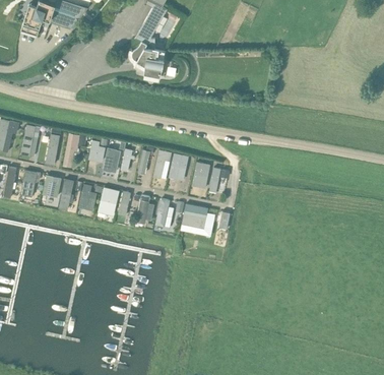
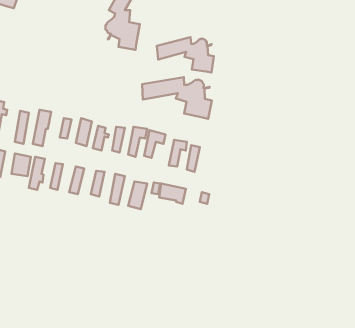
building: none -> [157,37,214,73]
building: none -> [142,77,212,119]

